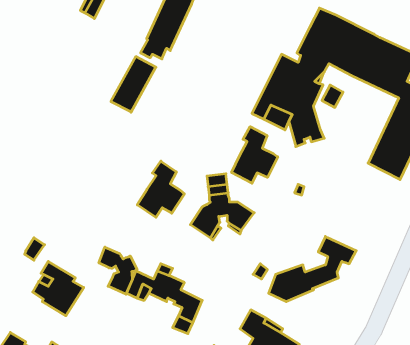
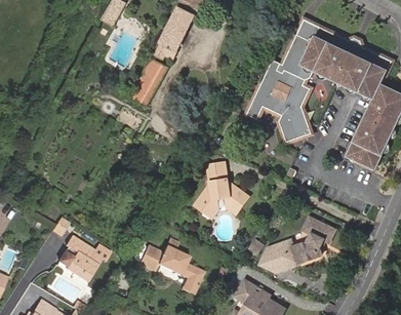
building: [232,127,278,183] -> none
building: [137,161,184,217] -> none
building: [99,247,137,294] -> none

